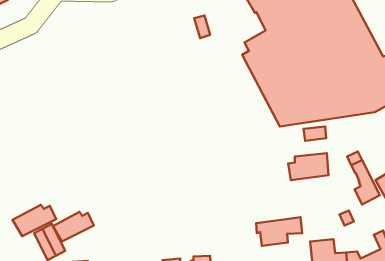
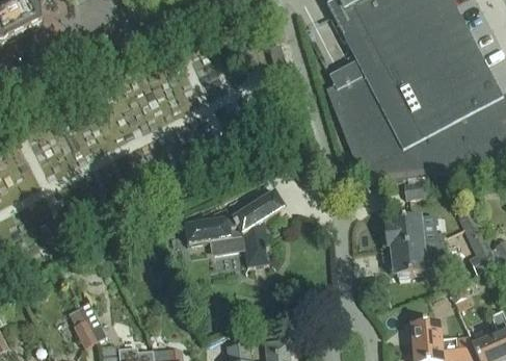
building: none -> [185,188,285,262]
building: [13,205,56,236] -> none
building: [53,212,94,241] -> none
building: [256,217,302,246] -> [387,237,444,273]

